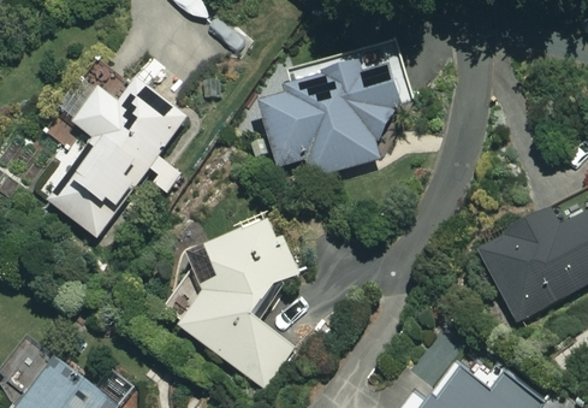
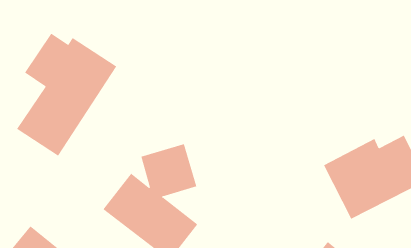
building: [228,61,396,199] -> none

